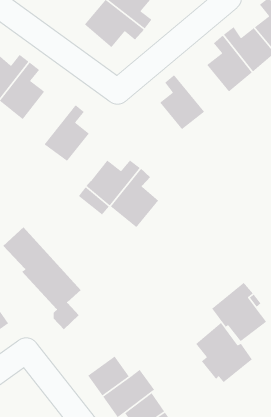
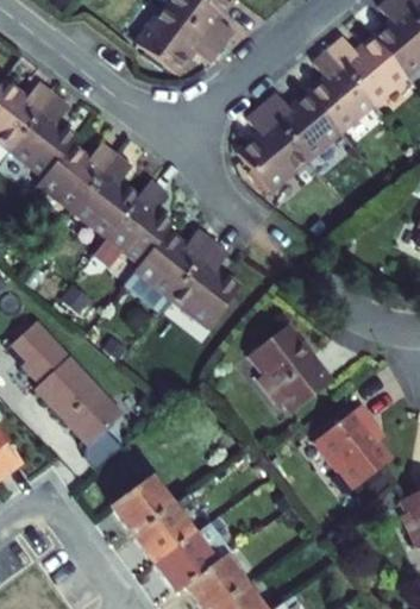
building: none -> [257,94,334,162]
building: none -> [37,139,117,208]
building: none -> [92,177,170,263]
building: [195,322,253,383] -> [242,329,324,416]
building: none -> [111,478,173,536]

